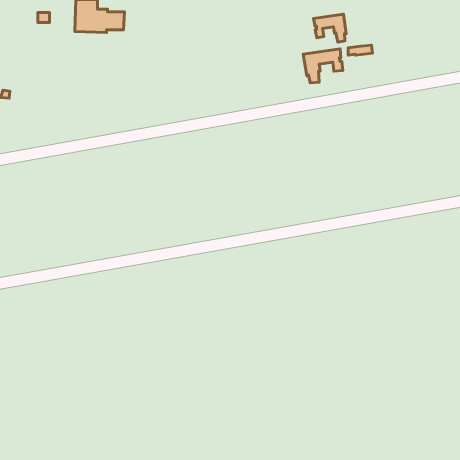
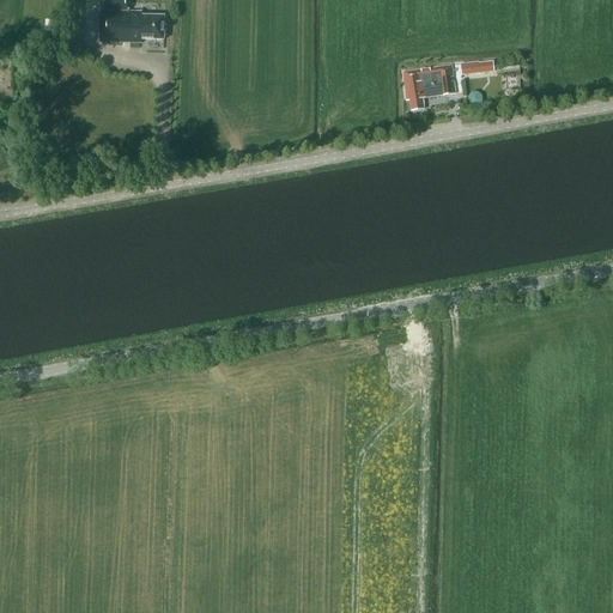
building: [314,14,346,42] -> none

